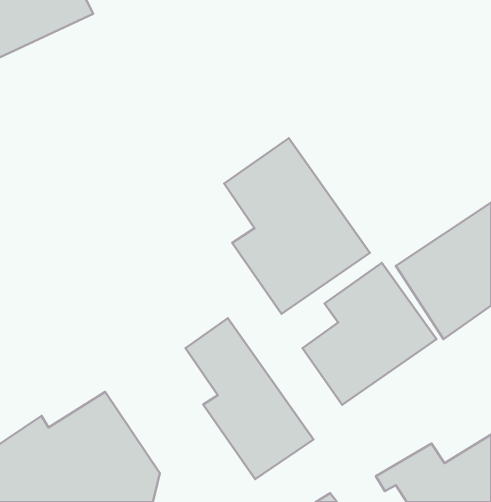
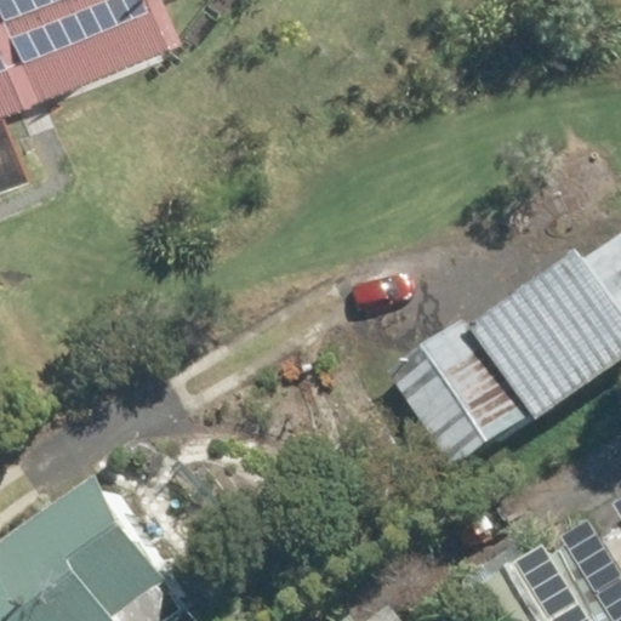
building: [224,138,370,314] -> none
building: [185,318,314,479] -> none

